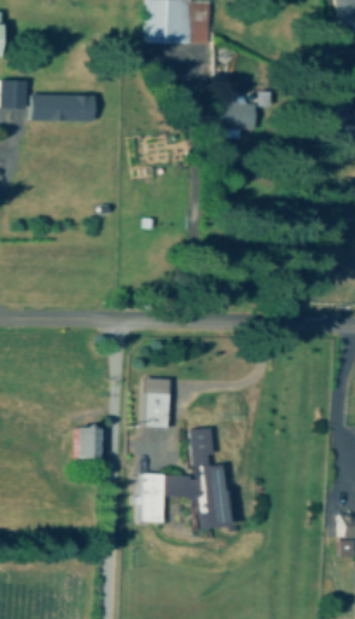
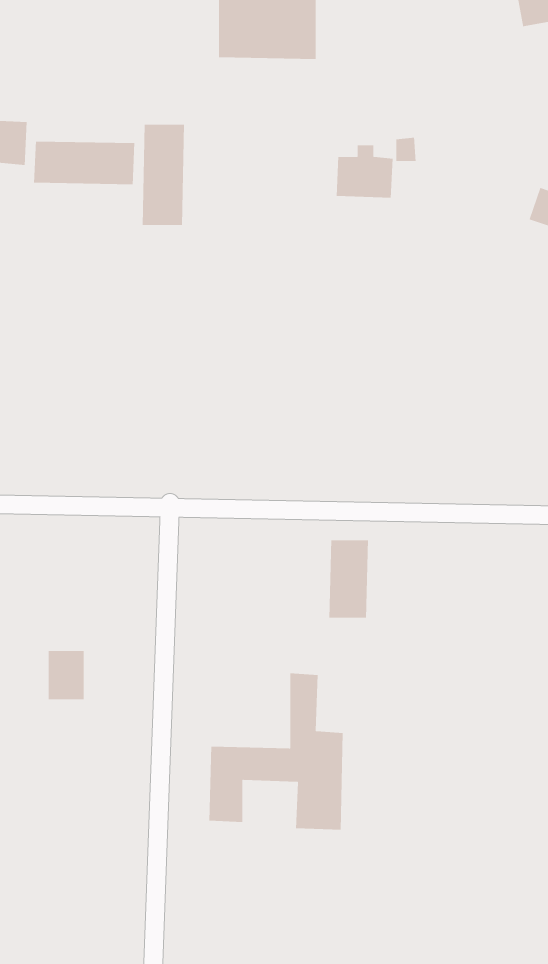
building: none -> [142,124,185,226]
building: [144,378,169,428] -> [328,540,369,619]
building: [78,426,101,457] -> [48,650,84,700]

